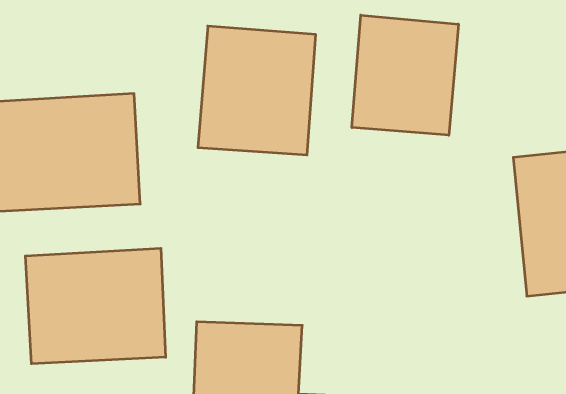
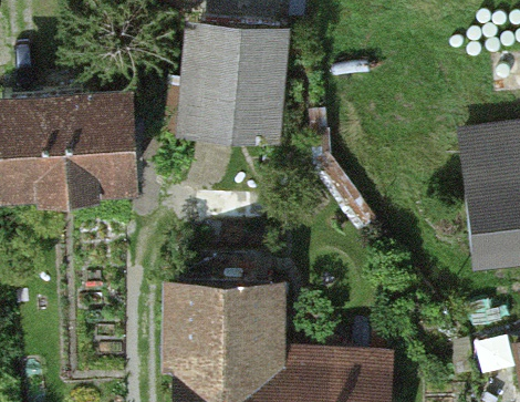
building: [352,15,458,135] -> none
building: [25,248,166,364] -> none

